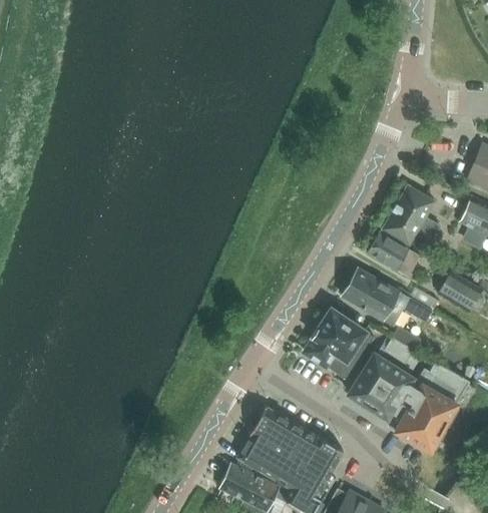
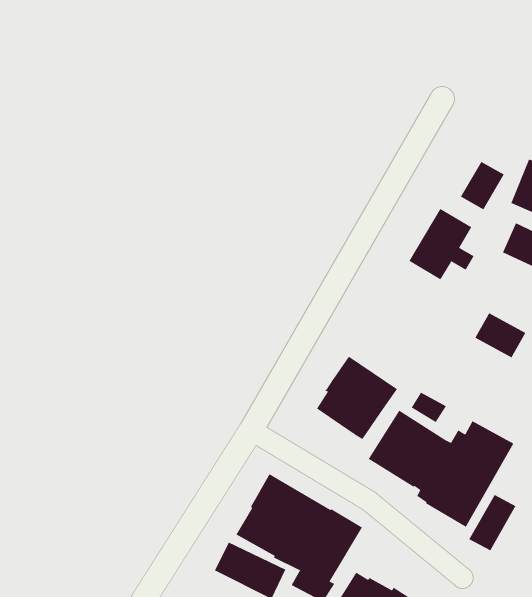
building: none -> [460,161,505,210]
building: [368,232,420,278] -> none
building: [343,269,432,326] -> none
building: none -> [469,494,516,551]

